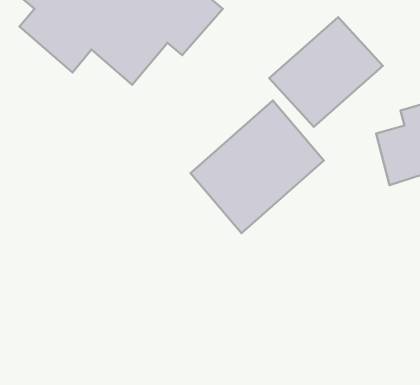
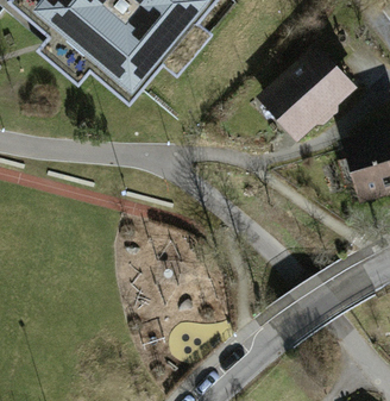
building: [191,101,324,233] -> none

